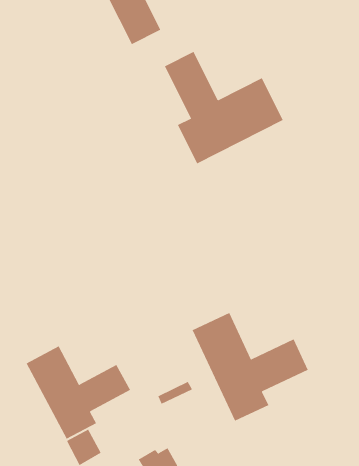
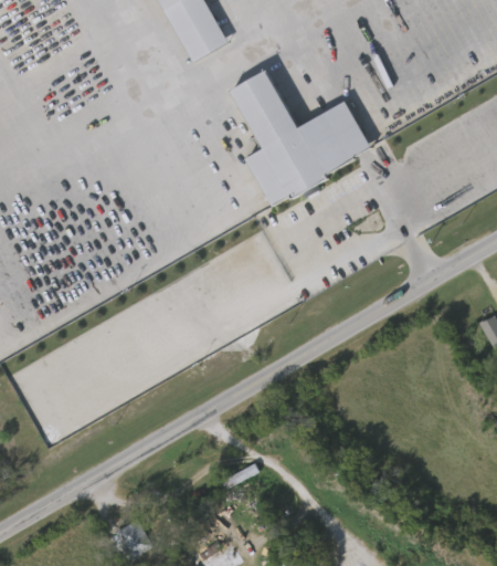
building: [192,312,309,422] -> none
building: [26,346,131,440] -> none

